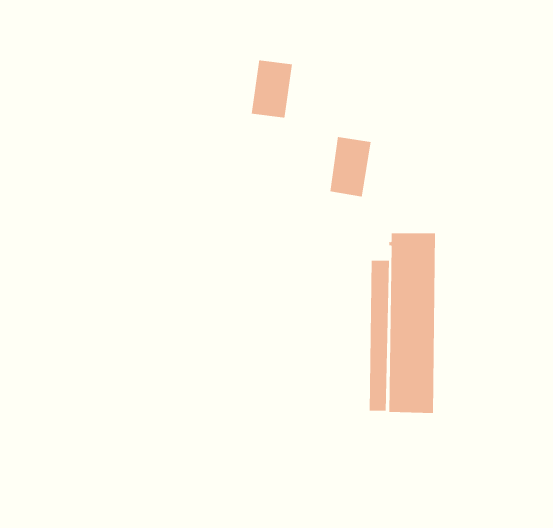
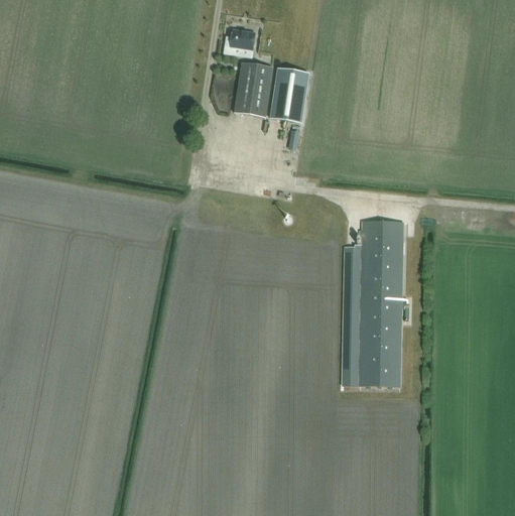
building: none -> [231,28,256,49]
building: [330,136,371,197] -> [270,67,308,122]

